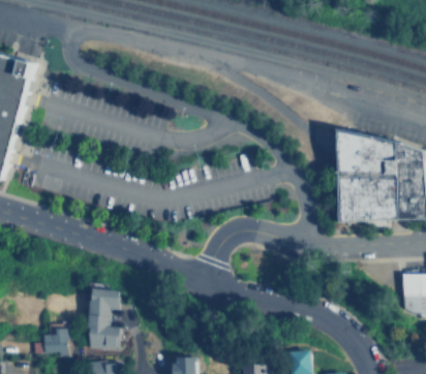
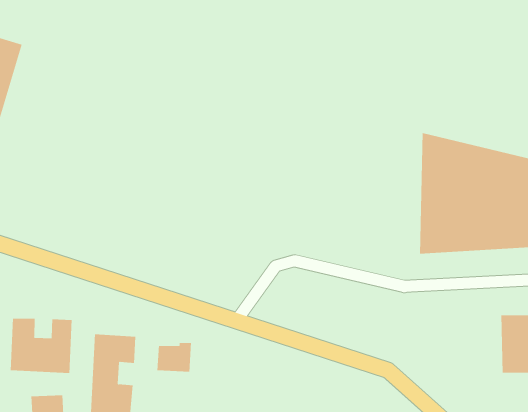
building: none -> [10,318,72,374]
building: none -> [157,342,191,372]

